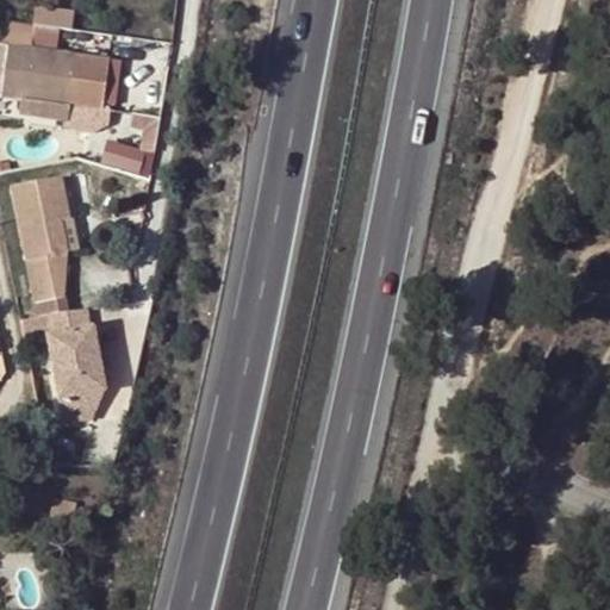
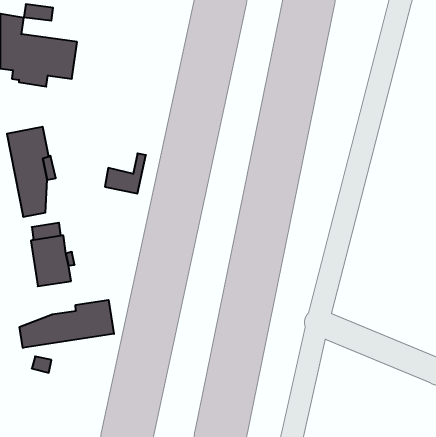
building: [106,118,163,174] -> [105,153,146,194]
building: none -> [20,300,114,348]

